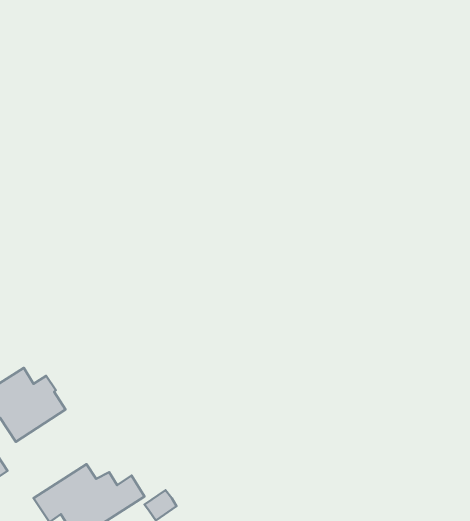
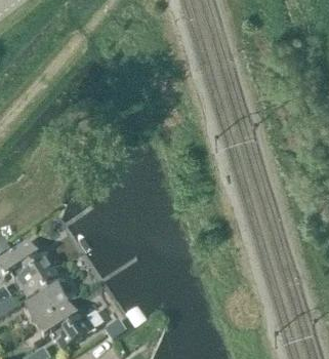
building: none -> [23,266,70,322]

